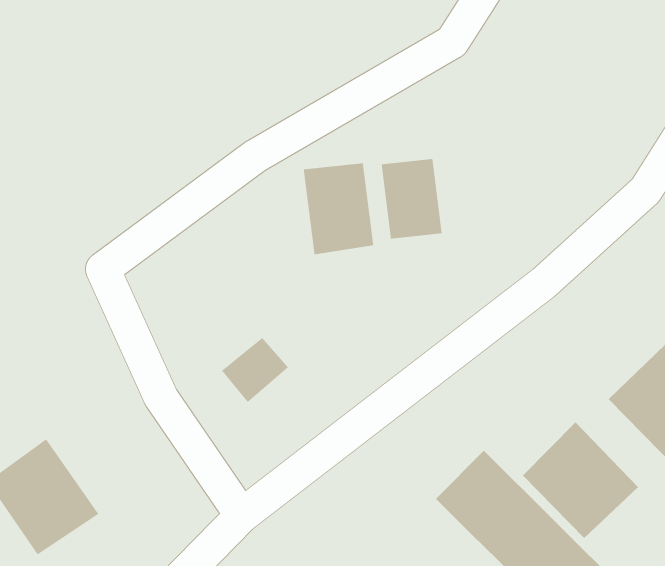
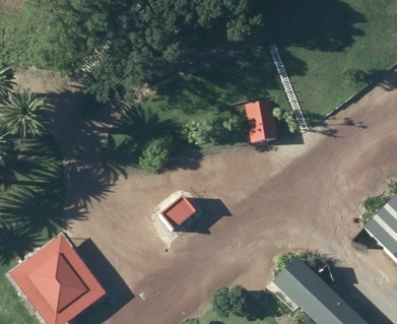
building: [303,162,374,255] -> none
building: [522,421,639,539] -> none

